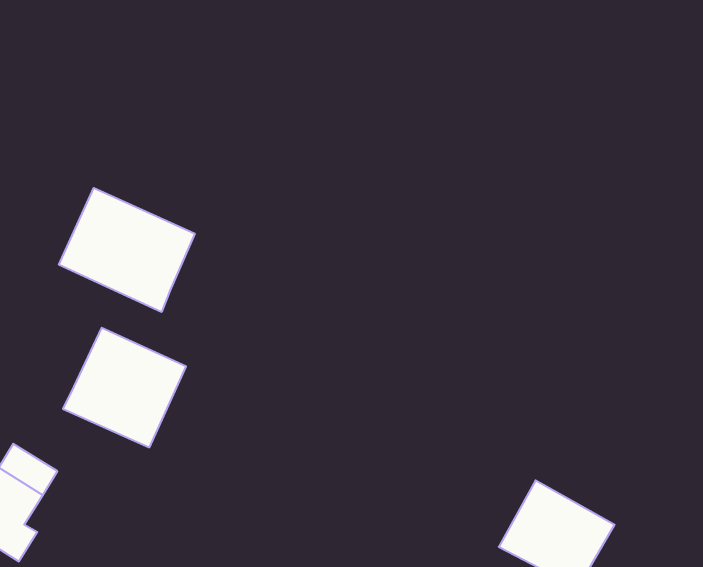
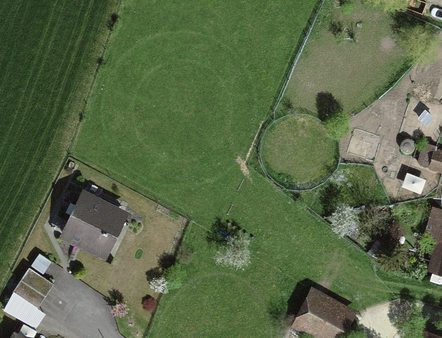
building: [59,188,195,312] -> none

